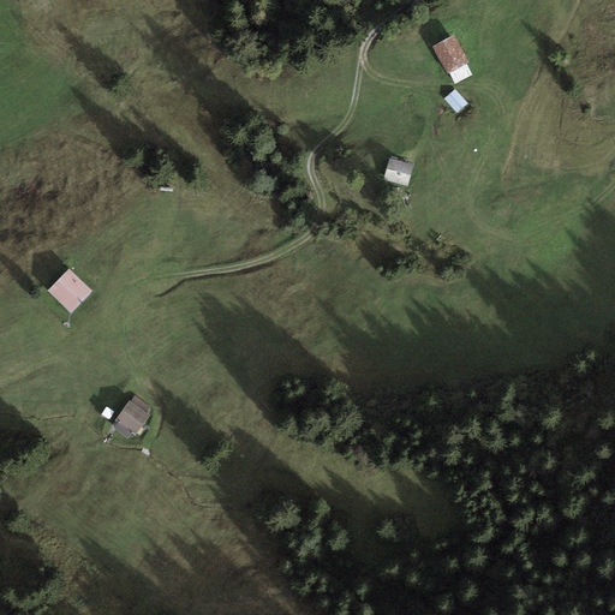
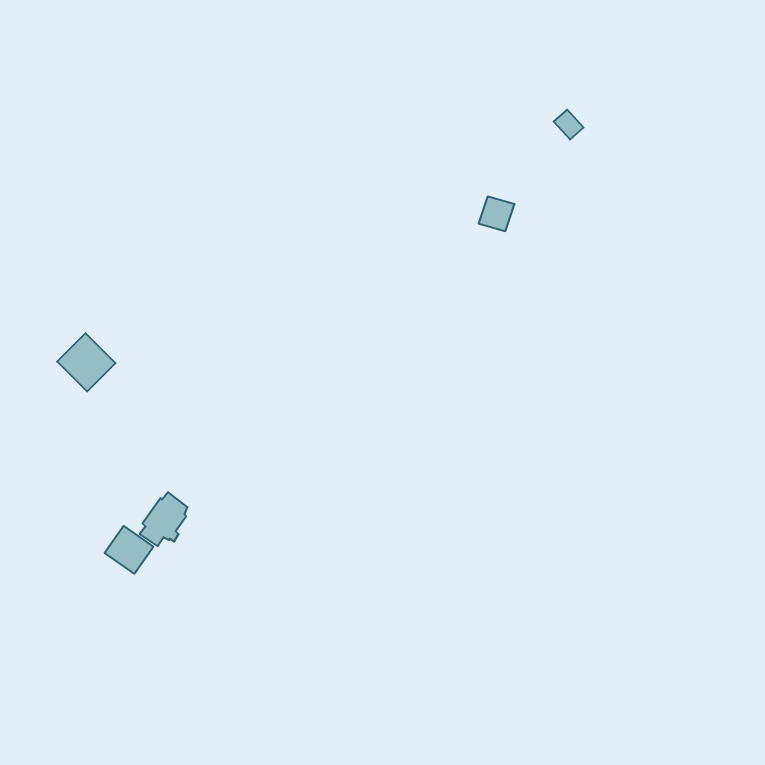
building: [432,35,471,83] -> none
building: none -> [105,526,153,574]

